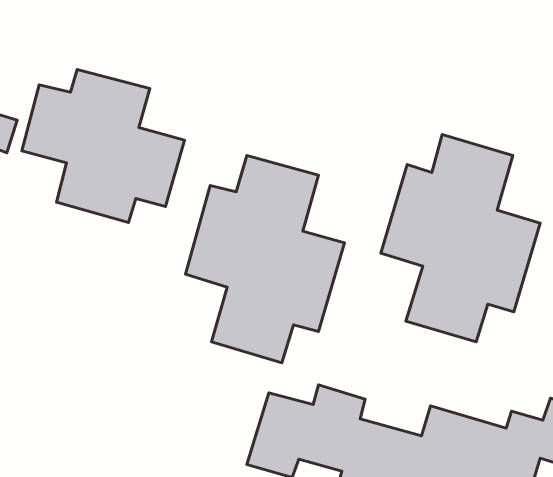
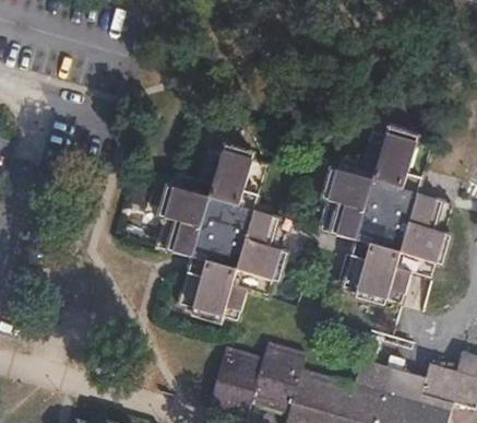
building: [22,69,185,222] -> none

